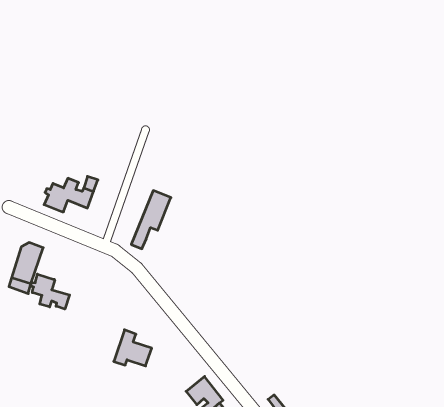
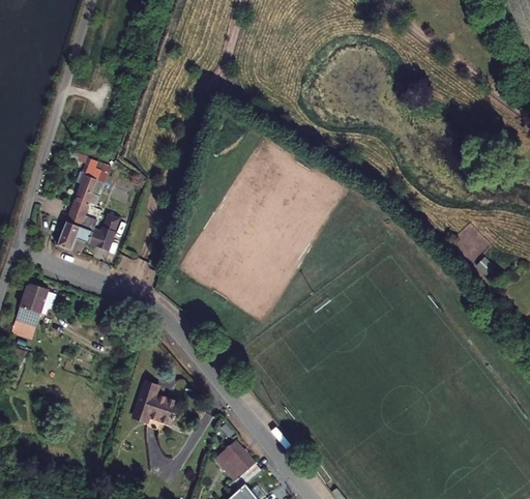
building: [131,191,171,249] -> [63,155,110,224]
building: [31,274,70,309] -> none

